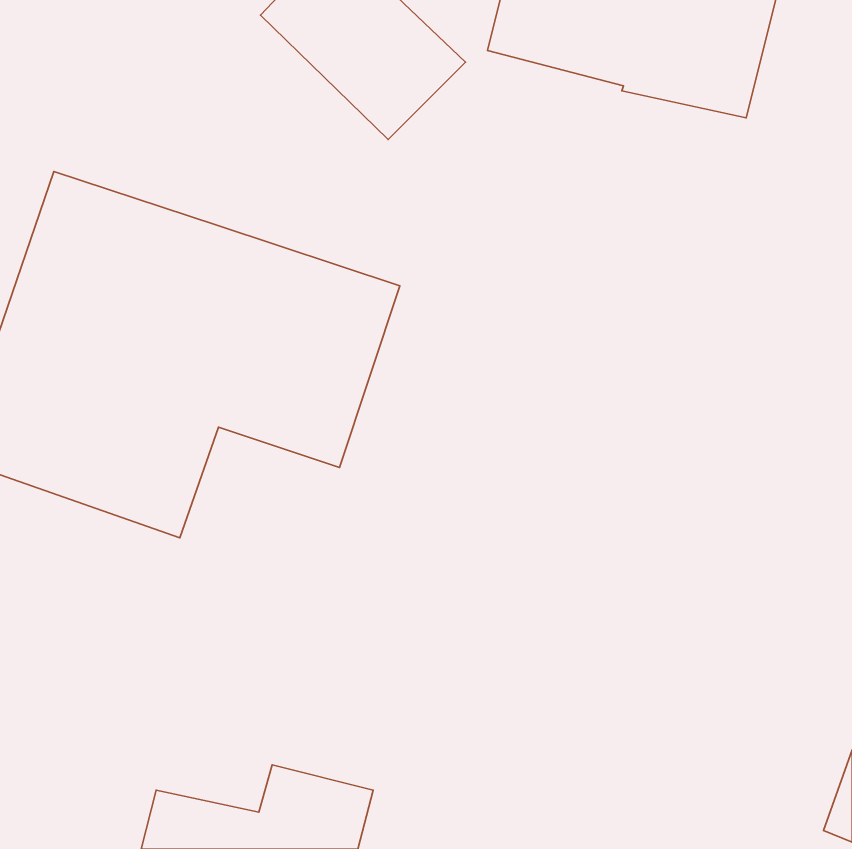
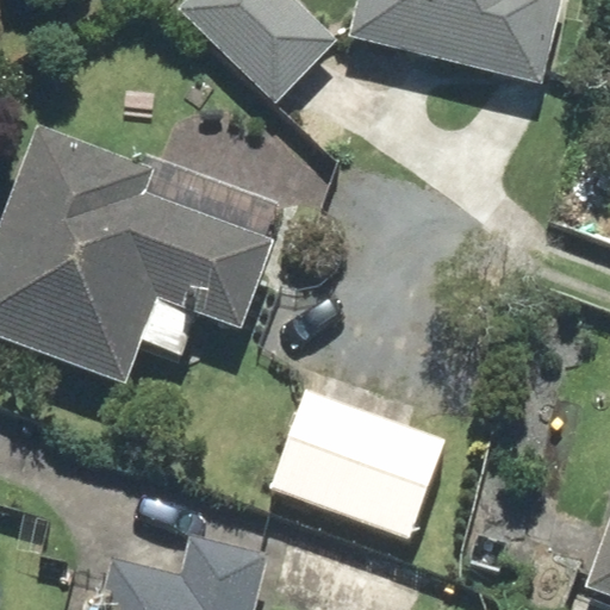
building: none -> [270,397,456,543]

